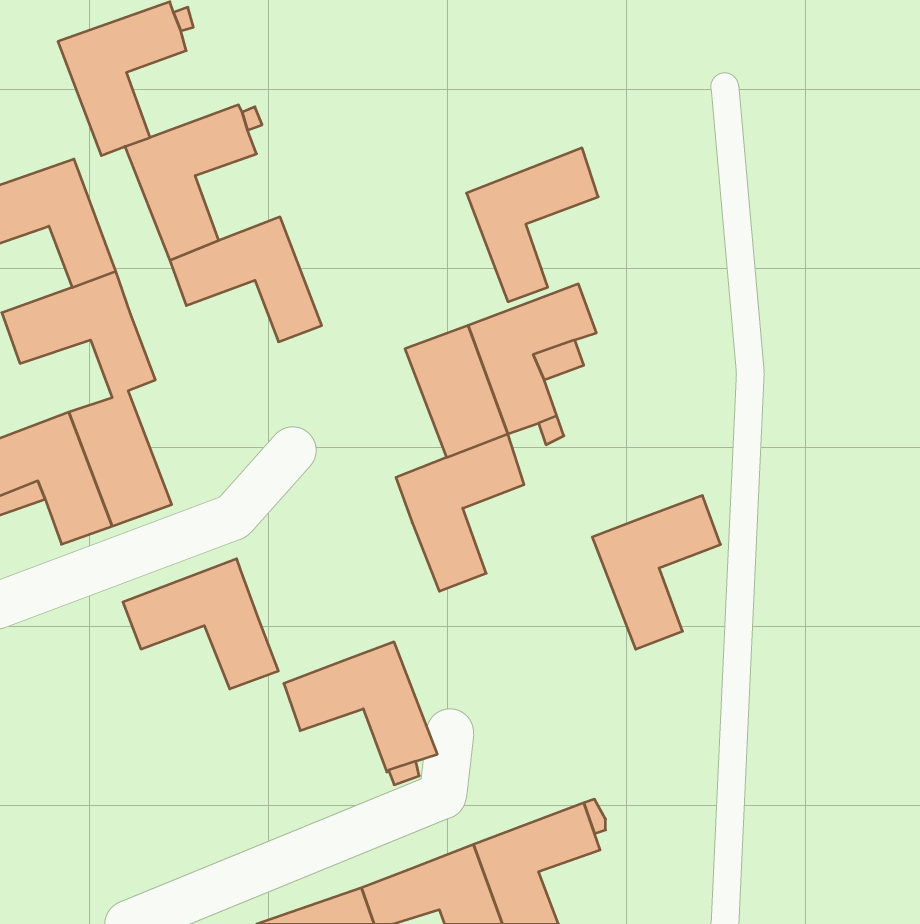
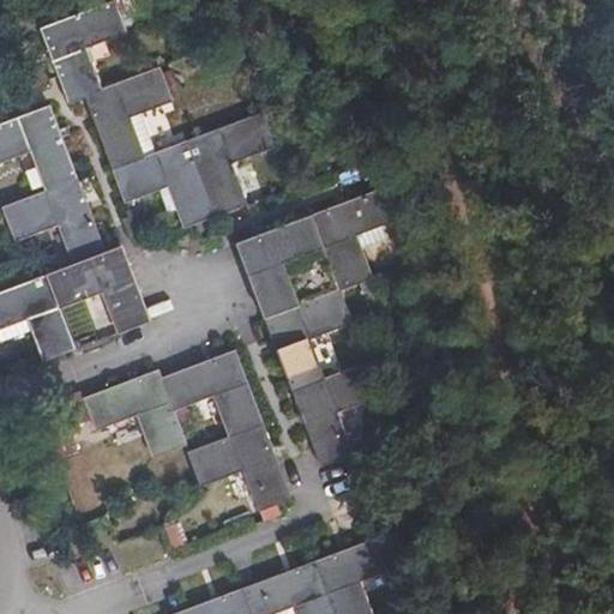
building: [466,148,598,302] -> [186,114,273,216]
building: none -> [235,231,296,317]
building: none -> [85,246,149,335]
building: [592,496,721,649] -> [291,365,377,466]
building: none -> [159,350,261,438]

